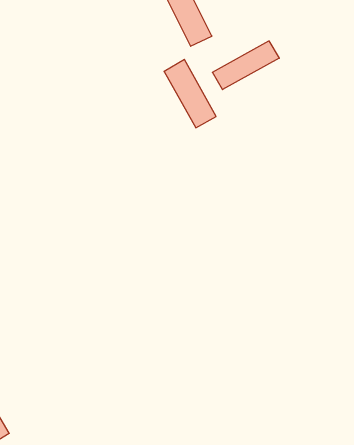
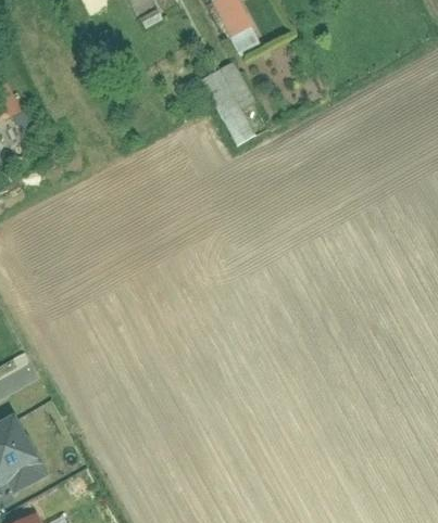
building: [212,41,279,90] -> none

